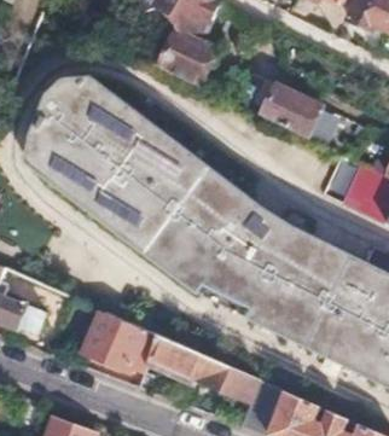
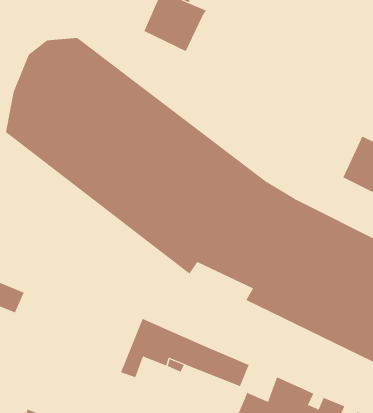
building: [261,85,321,139] -> none
building: [81,309,143,368] -> none

